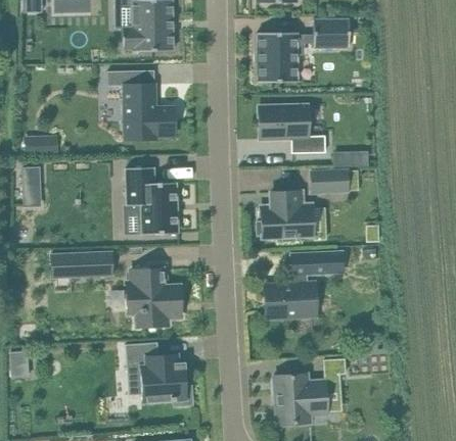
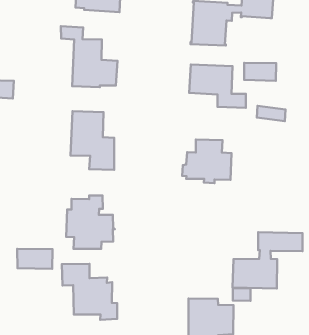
building: [310,170,348,192] -> [244,63,276,81]
building: [264,251,343,318] -> [233,232,303,288]
building: [62,252,104,277] -> [17,249,53,269]

